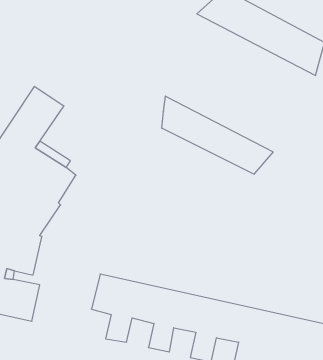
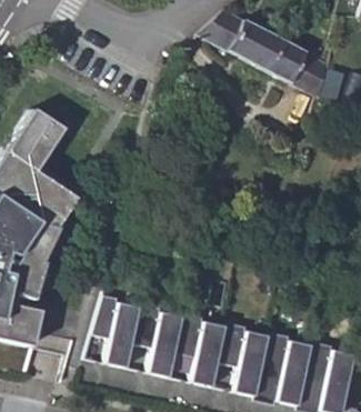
building: [162,96,273,174] -> none

